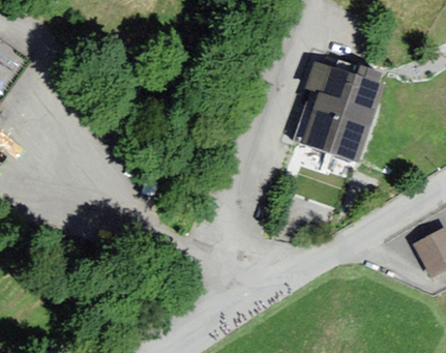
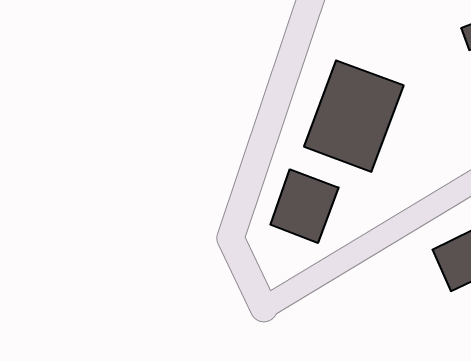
building: none -> [270,169,339,243]

